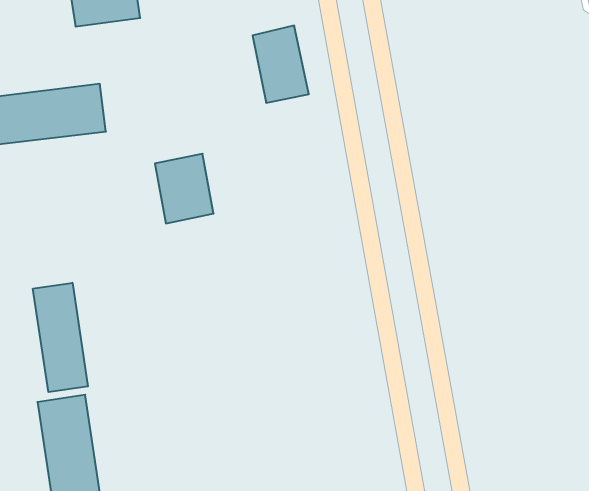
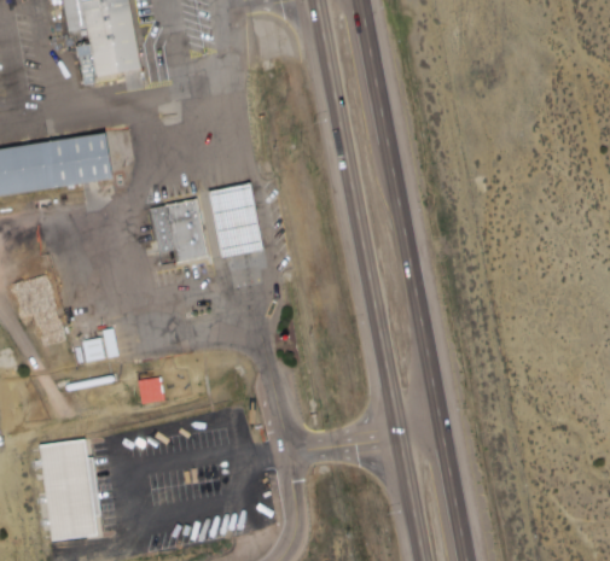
building: [253,26,309,103] -> [210,182,266,258]
building: [33,283,88,392] -> none

